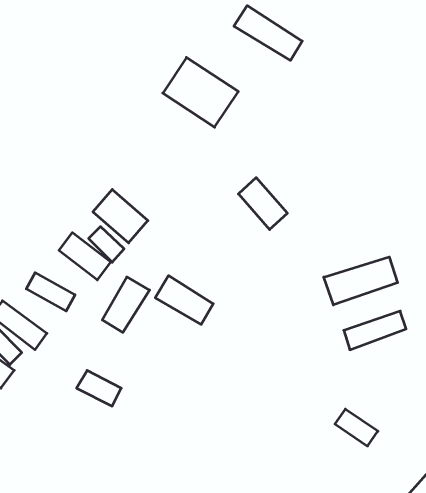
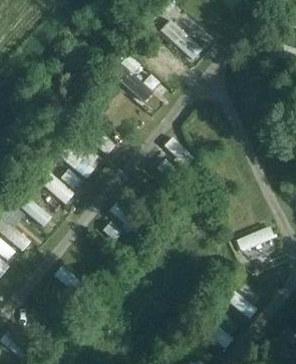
building: [324,257,398,305] -> none
building: [102,277,150,332] -> none

